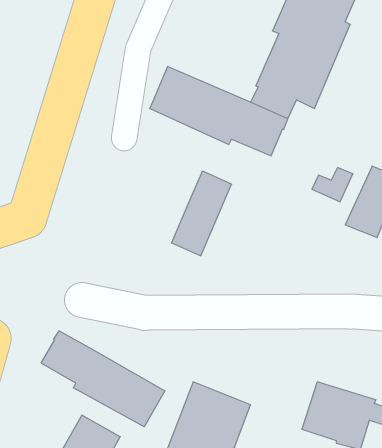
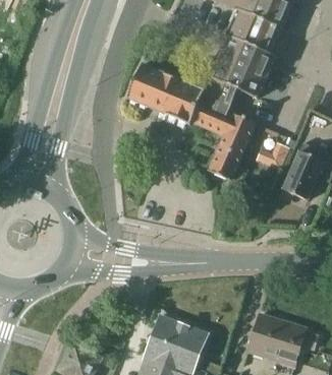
building: [171,171,232,256] -> [208,113,256,180]
building: [41,331,165,427] -> none

